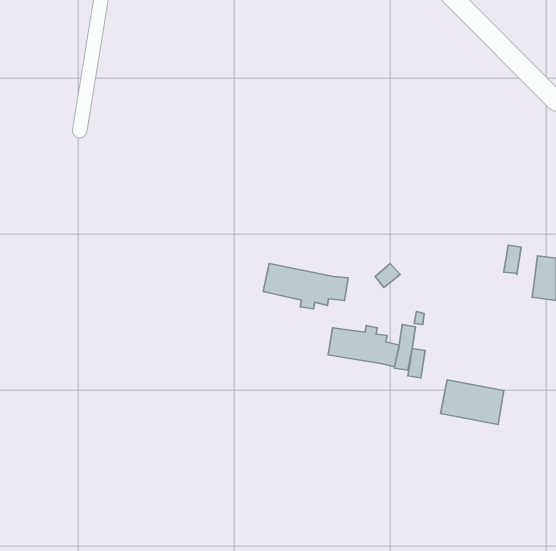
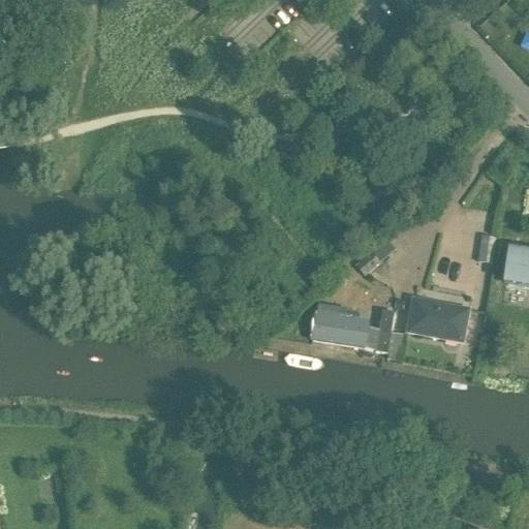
building: [263,264,348,309] -> none
building: [440,380,504,424] -> [407,298,467,340]

